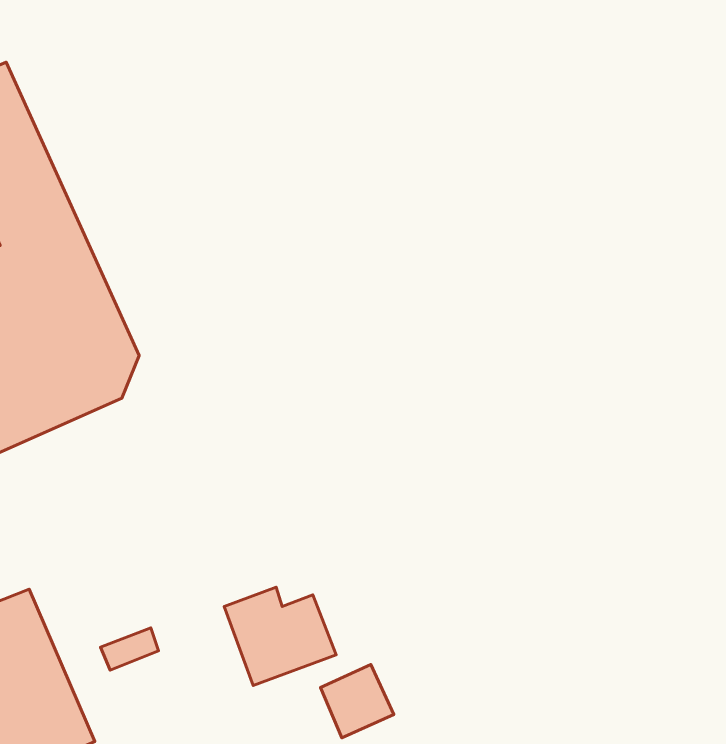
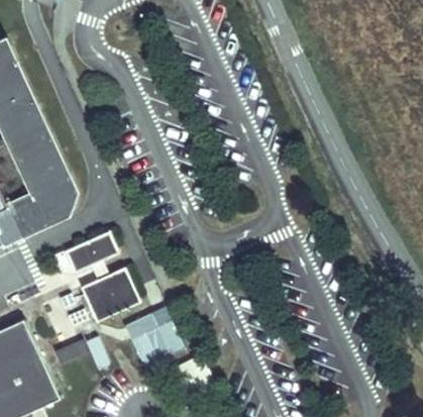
building: none -> [63,233,118,276]
building: none -> [80,270,140,323]

